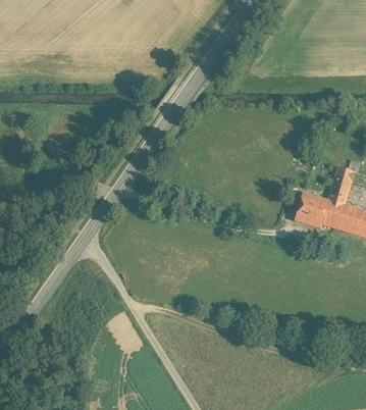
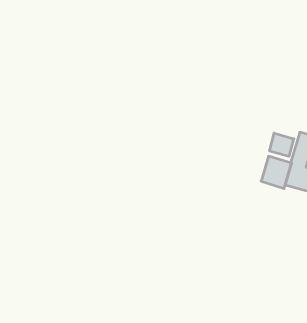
building: none -> [270,133,294,156]

